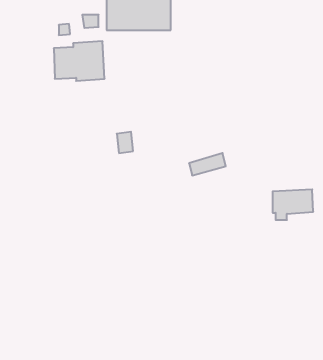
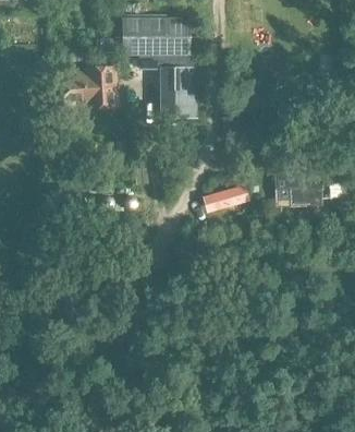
building: none -> [159,64,195,116]
building: [273,189,313,220] -> [277,171,320,204]

